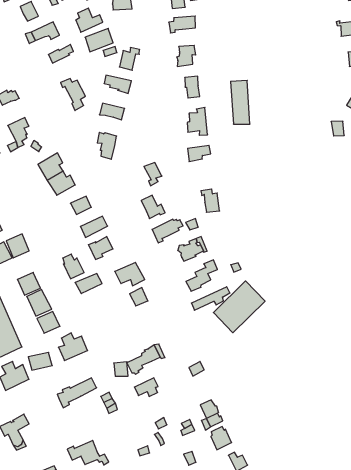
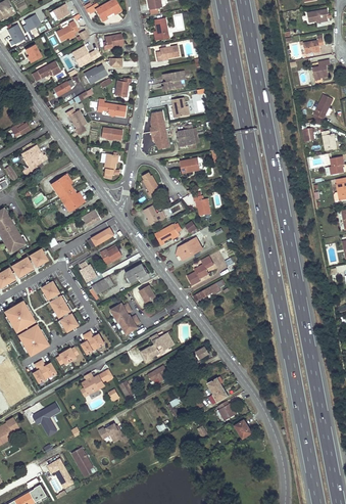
building: [231,80,250,124] -> [148,109,167,148]
building: [213,281,265,333] -> none
building: none -> [110,306,139,335]

